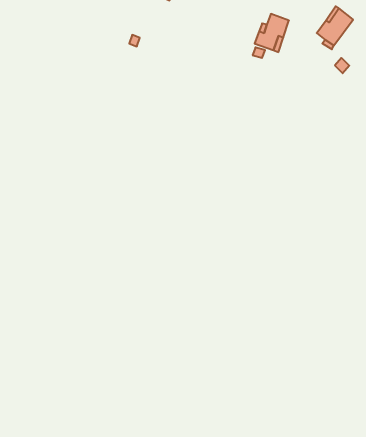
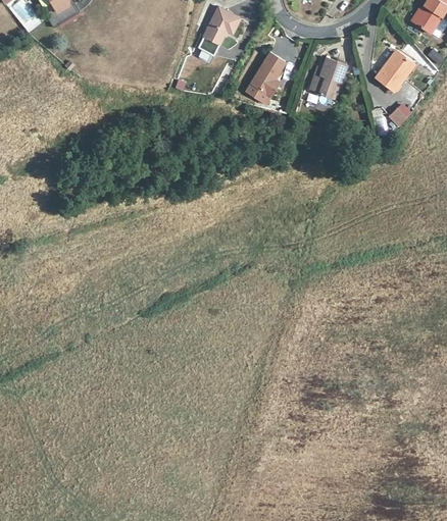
building: none -> [250,52,285,95]

